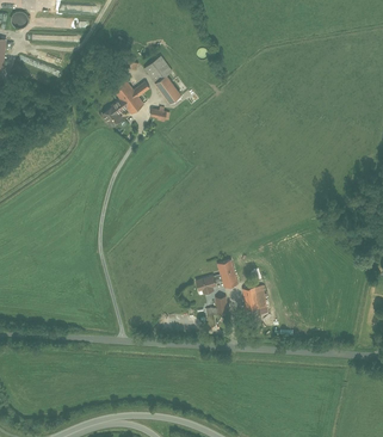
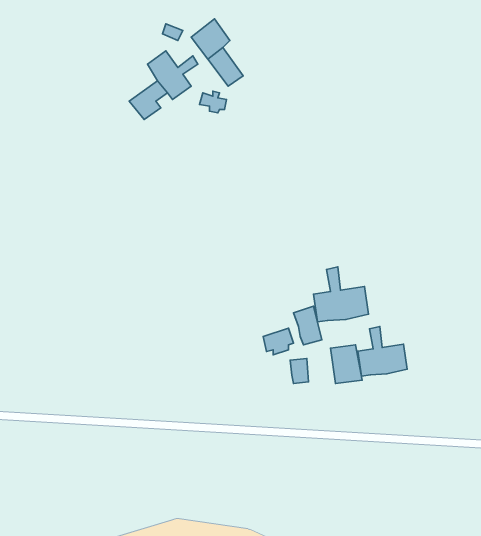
building: none -> [314,267,368,322]
building: none -> [358,326,407,376]

